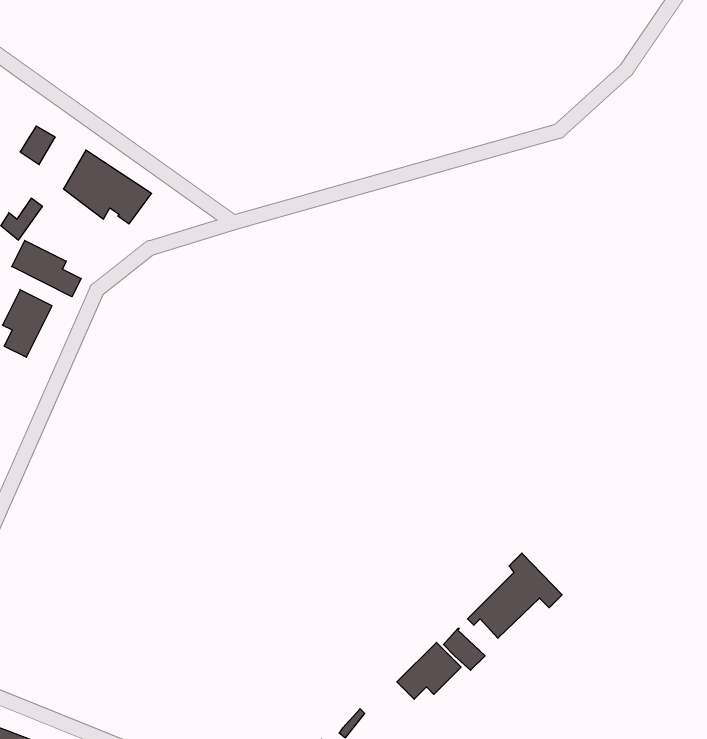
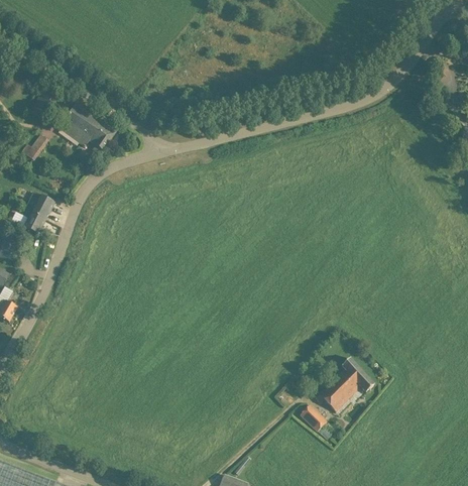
building: [12,240,81,297] -> none
building: [397,642,461,699] -> none

